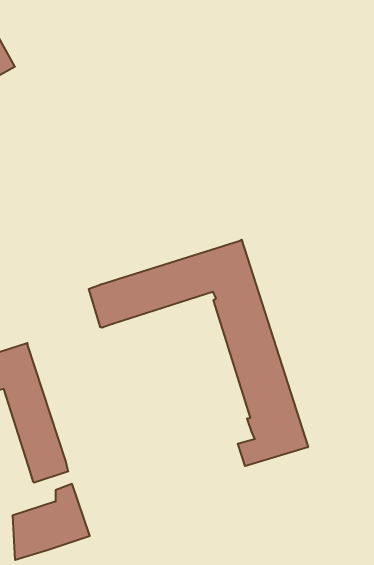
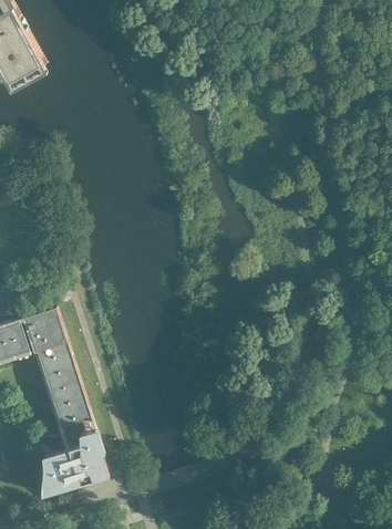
building: [89,240,308,466] -> none

